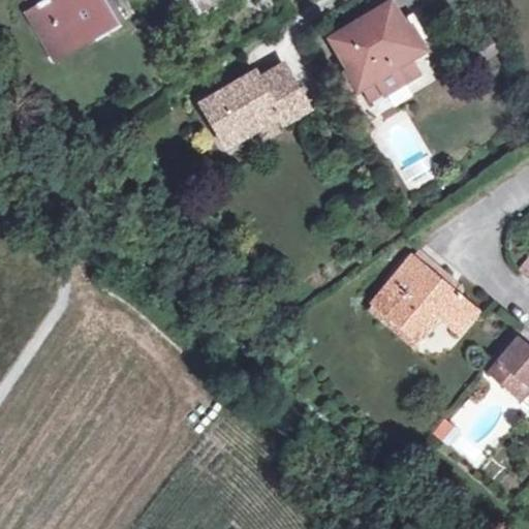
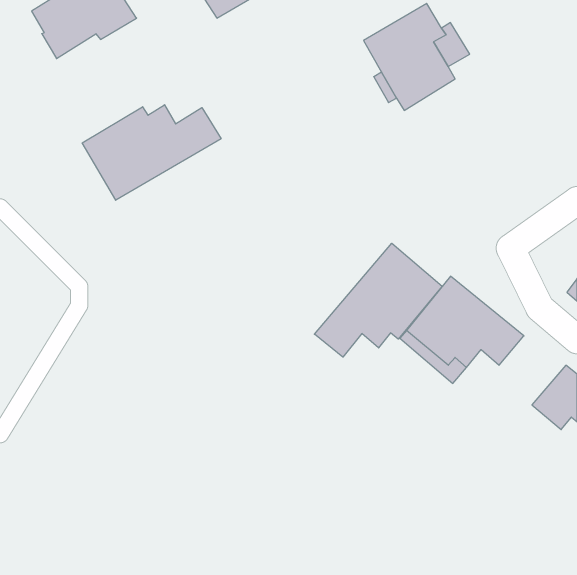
building: [205,63,308,141] -> none
building: none -> [82,105,221,200]
building: none -> [314,243,442,357]

